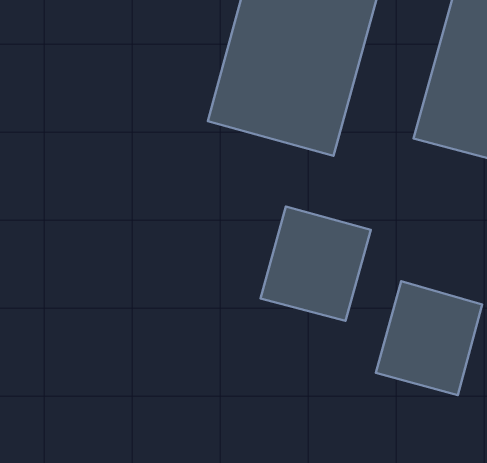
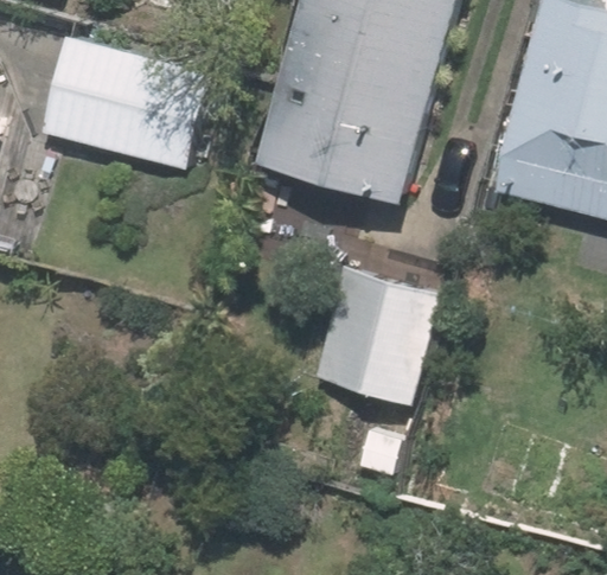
building: none -> [44,38,206,168]
building: [376,281,482,395] -> none

